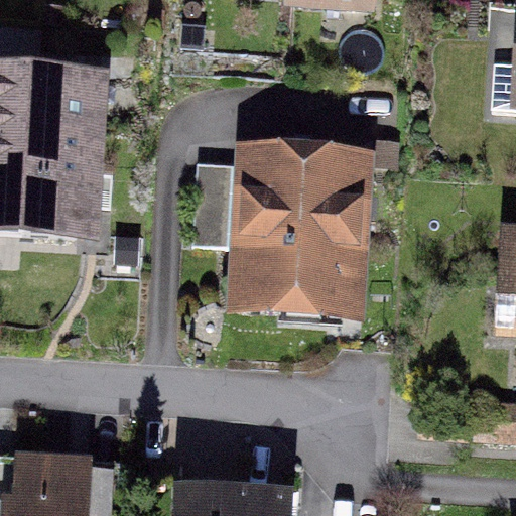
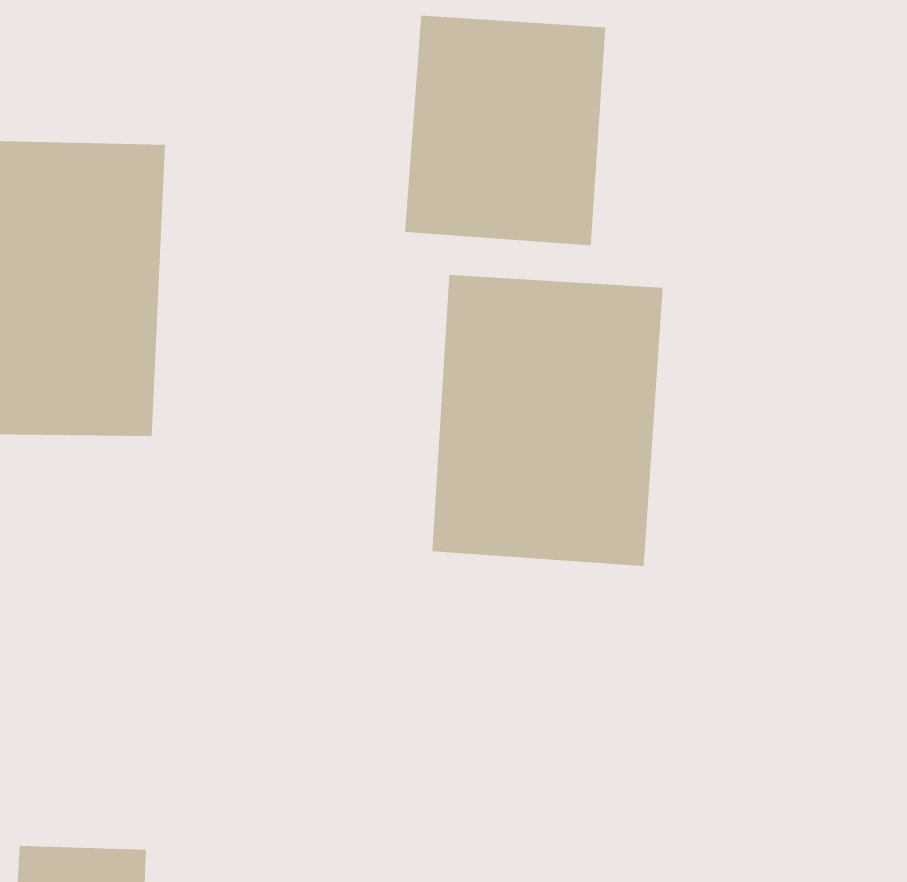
building: none -> [405,15,606,246]

